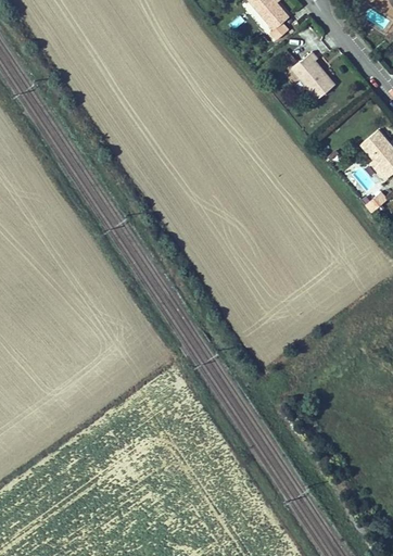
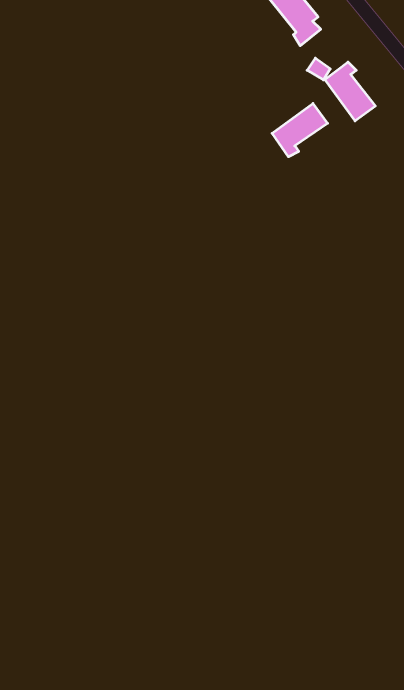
building: none -> [272,103,328,157]

